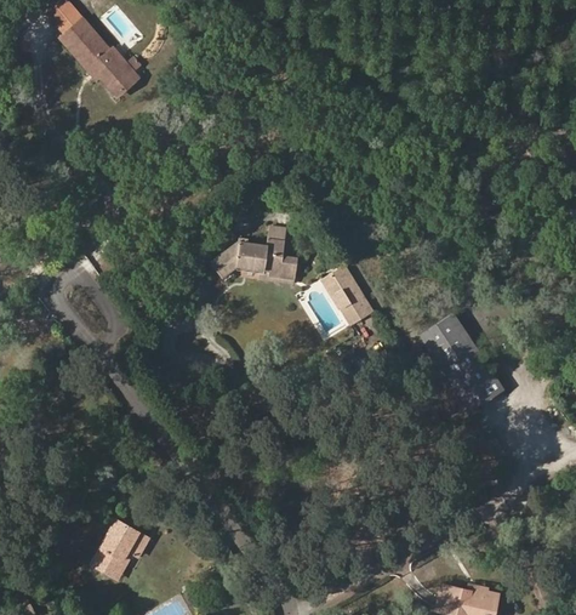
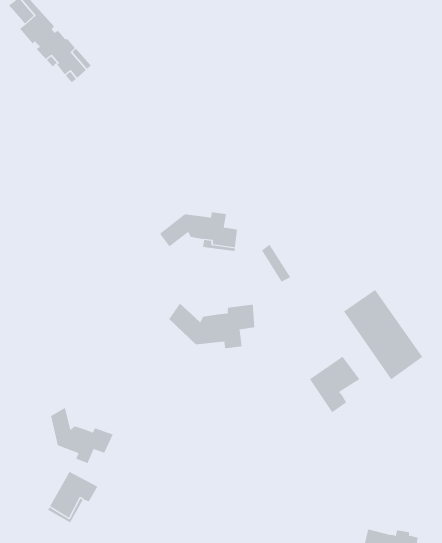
building: none -> [168,303,255,349]
building: none -> [309,356,360,413]
building: none -> [50,407,114,464]

